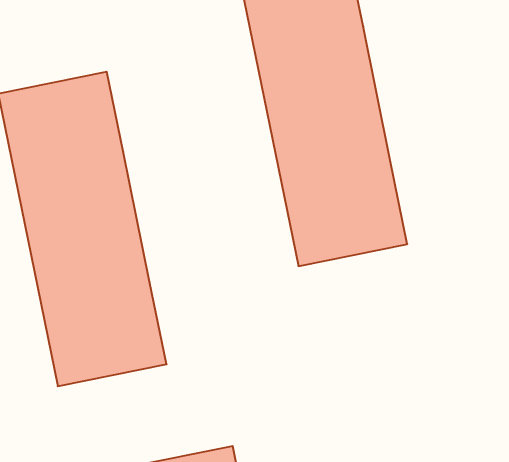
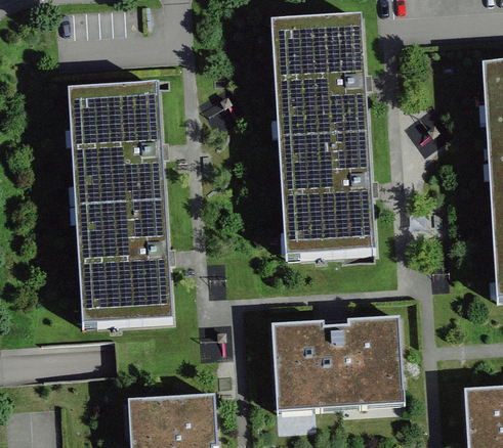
building: none -> [270,315,404,410]

